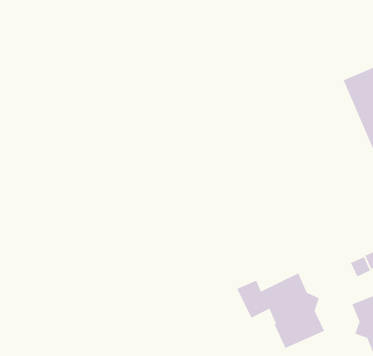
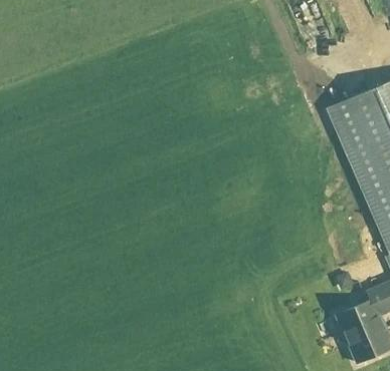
building: [237,272,325,349] -> none

